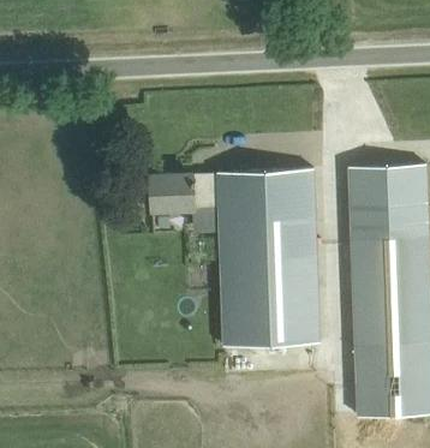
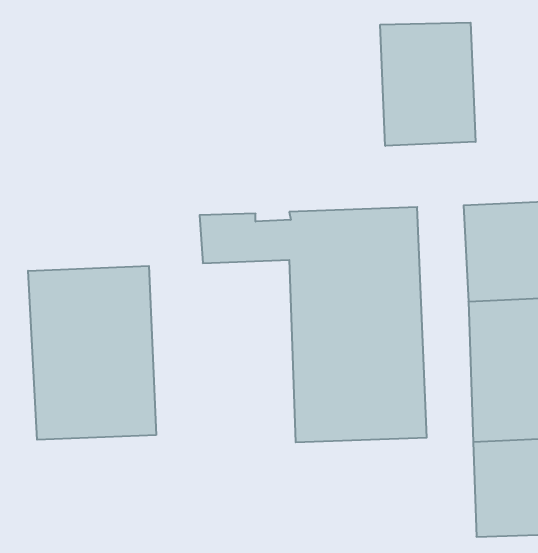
building: none -> [380,23,476,146]
building: none -> [28,266,156,440]

